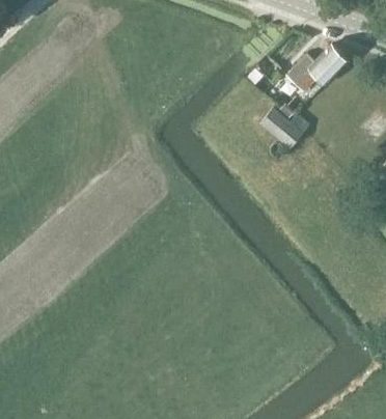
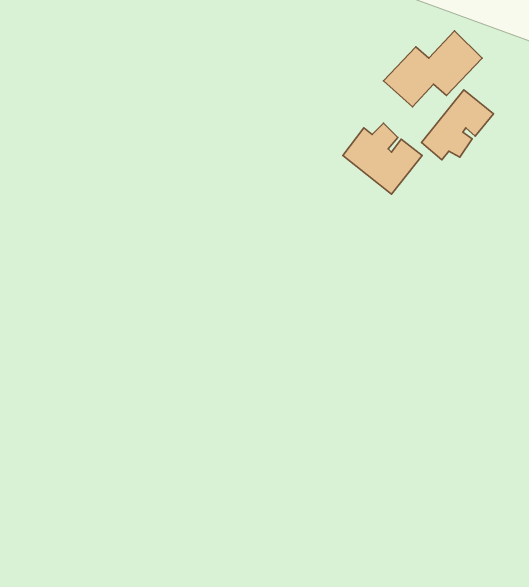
building: none -> [422,90,493,160]

